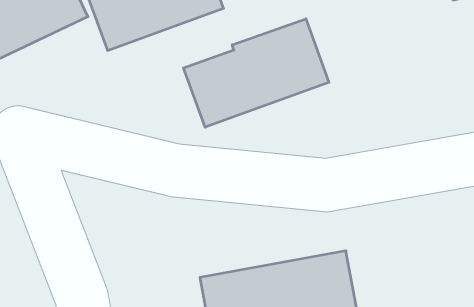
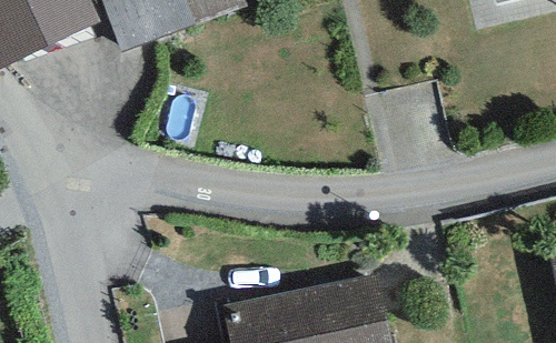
building: [183,19,329,127] -> none

